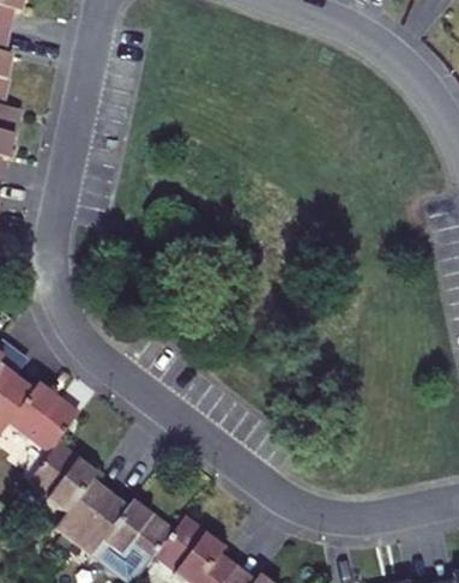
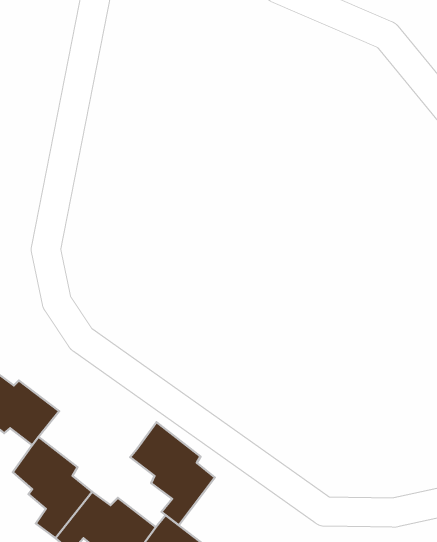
building: none -> [130,422,215,525]

